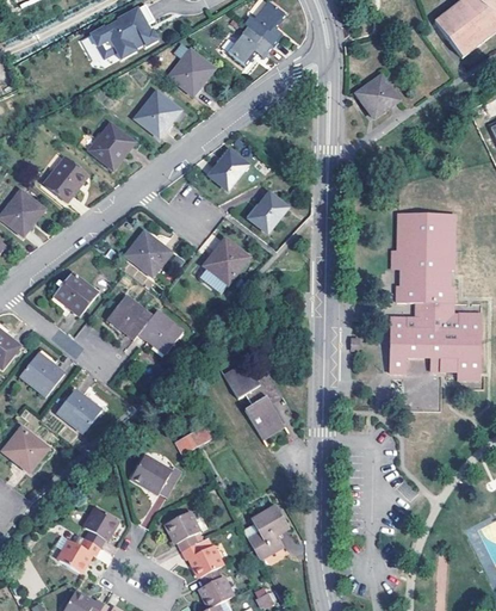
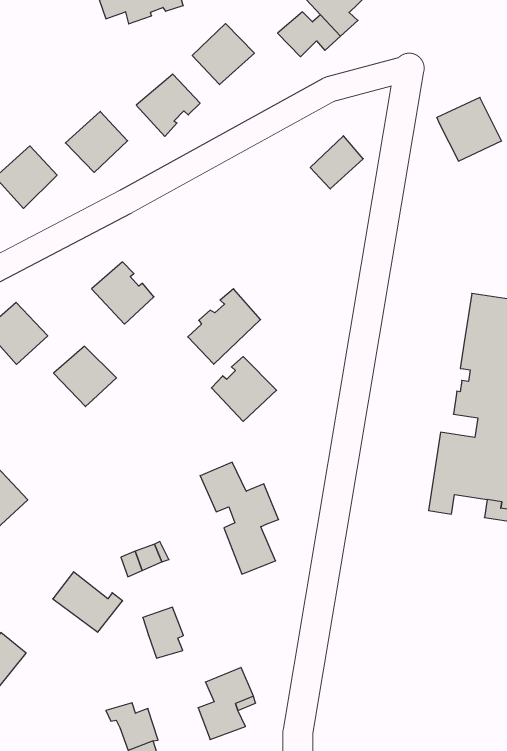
building: [210,148,247,187] -> [310,136,363,189]
building: [249,190,289,230] -> none
building: none -> [211,357,277,421]
building: [138,307,184,351] -> none
building: [167,513,199,551] -> [143,607,183,658]

